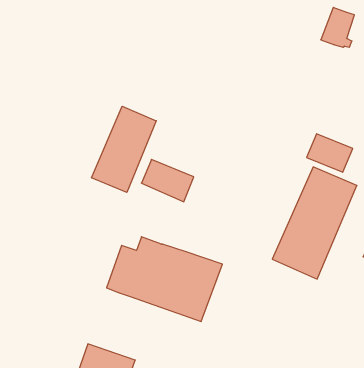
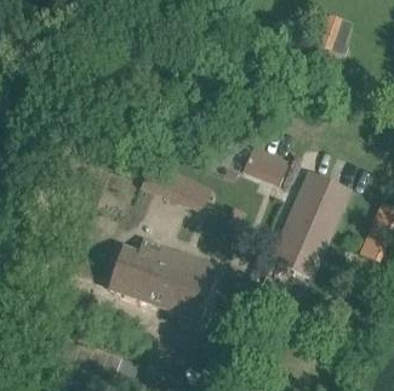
building: [92,106,156,192] -> none
building: [307,134,353,172] -> [242,146,287,183]

